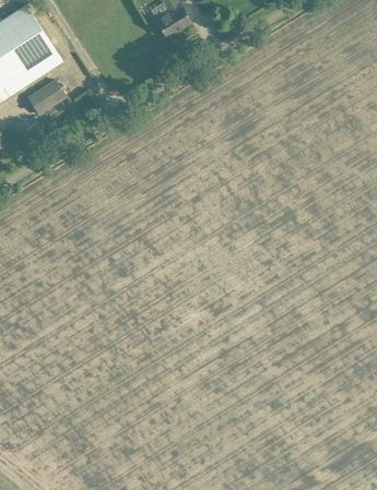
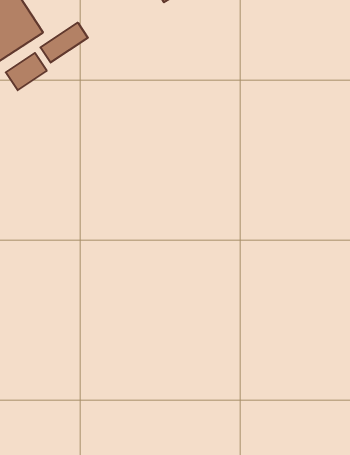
building: none -> [40,23,88,63]

